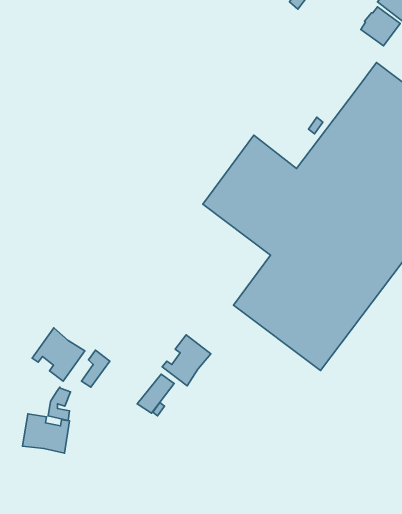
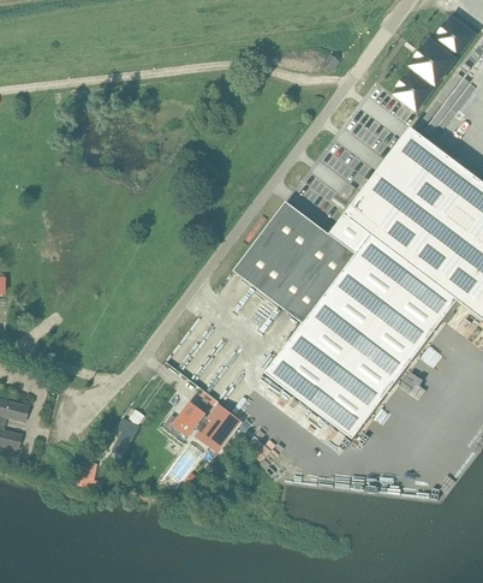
building: [32,328,85,381] -> none
building: none -> [163,400,205,435]
building: [23,414,70,453] -> none

